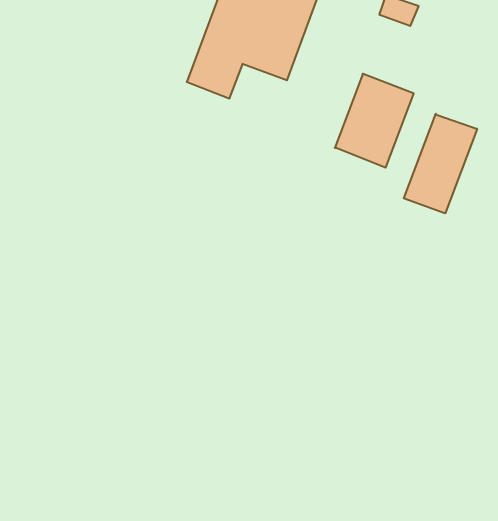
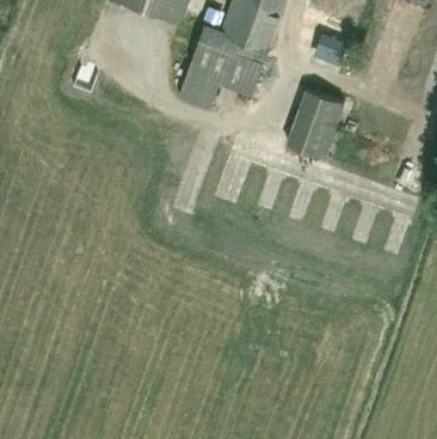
building: [404,114,477,213] -> none

